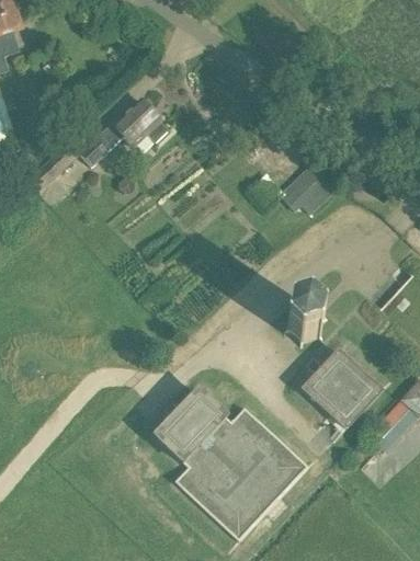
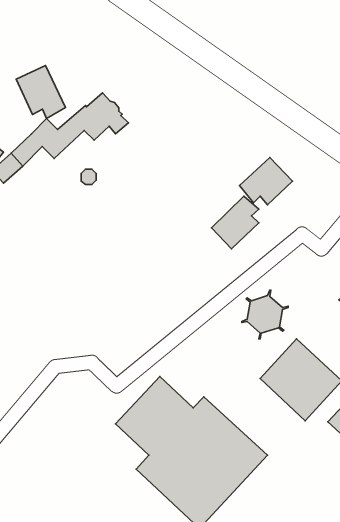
building: none -> [16,65,66,119]
building: none -> [212,196,259,249]

